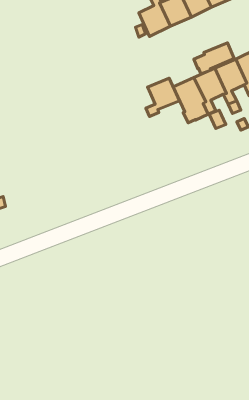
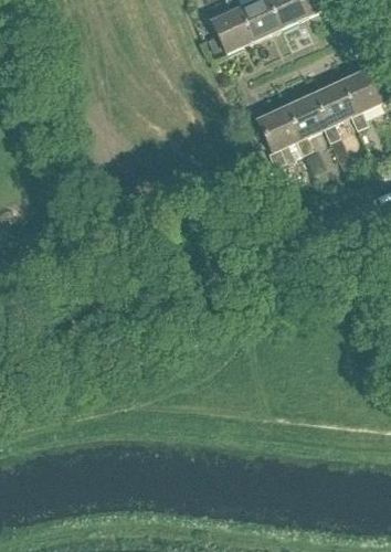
building: [194,43,234,74] -> none
building: [146,78,179,116] -> none

